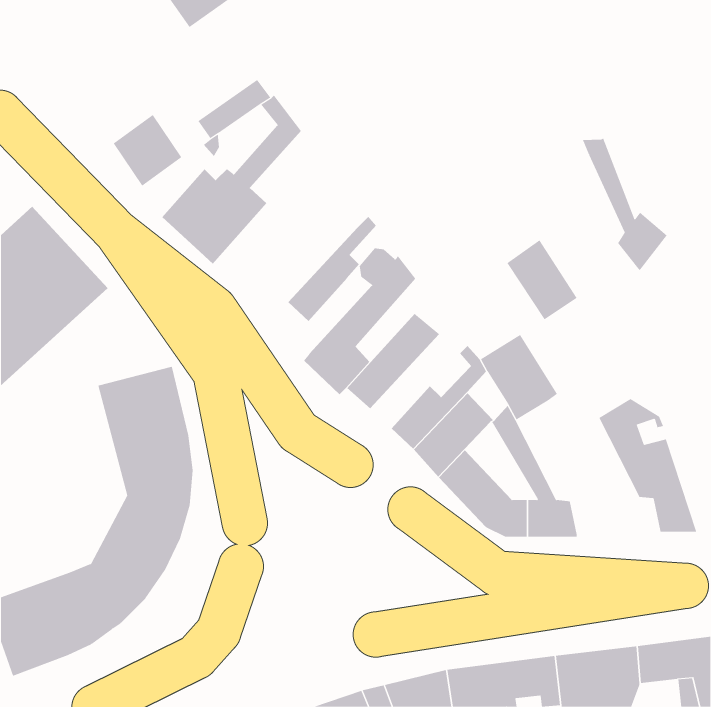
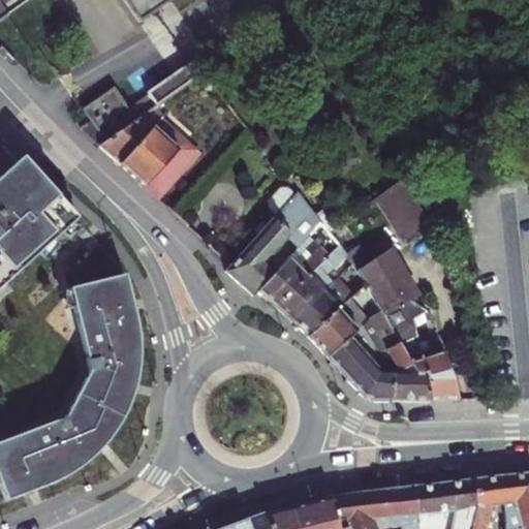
building: [582,138,668,271] -> none
building: none -> [99,114,152,161]
building: [288,216,377,322] -> [275,240,341,318]
building: [598,398,697,532] -> [383,298,457,397]

